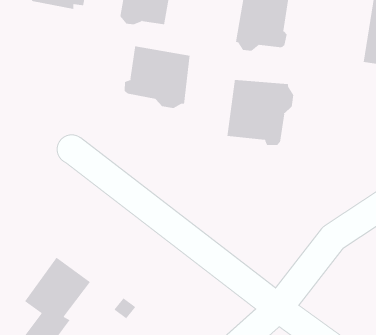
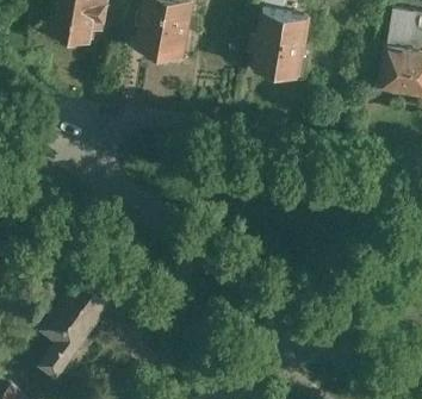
building: [124,45,190,109] -> none
building: [227,79,294,146] -> none

